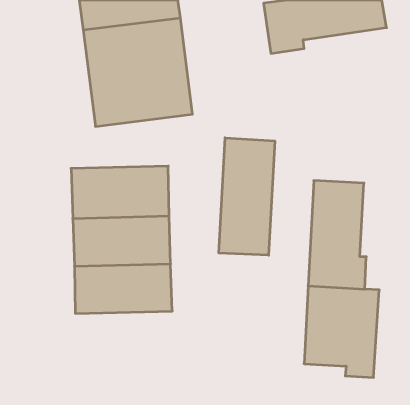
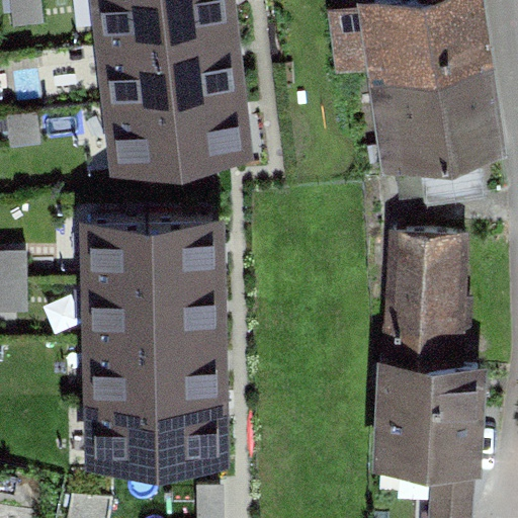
building: none -> [379,46,499,203]
building: [219,138,275,255] -> none
building: none -> [94,400,218,467]

